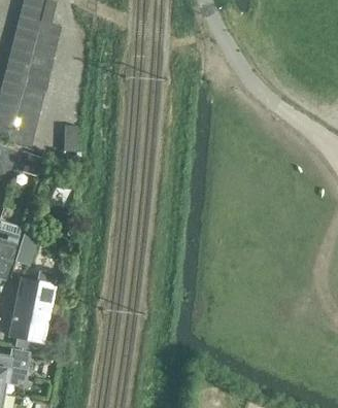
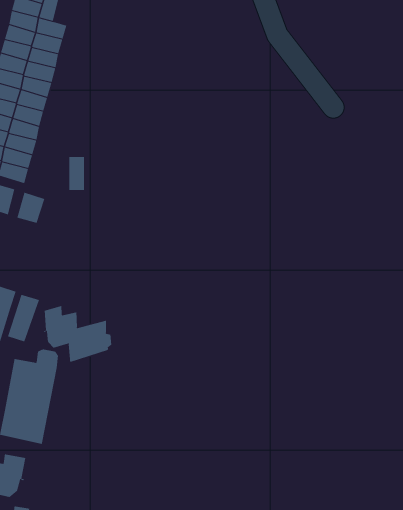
building: none -> [43,305,112,363]

